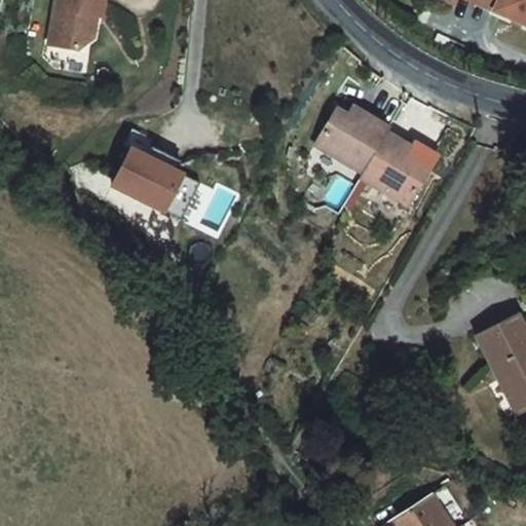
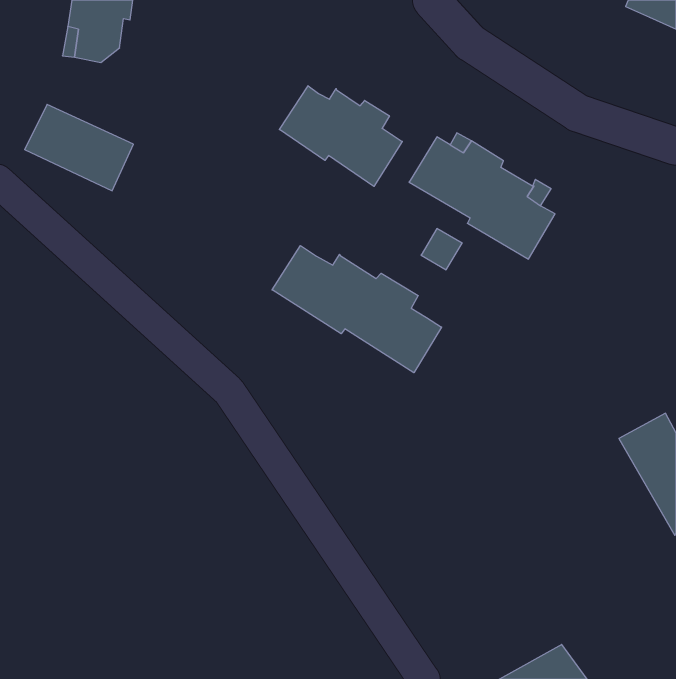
building: none -> [279,86,402,186]
building: [111,153,195,220] -> [25,104,133,191]
building: none -> [272,246,442,373]

